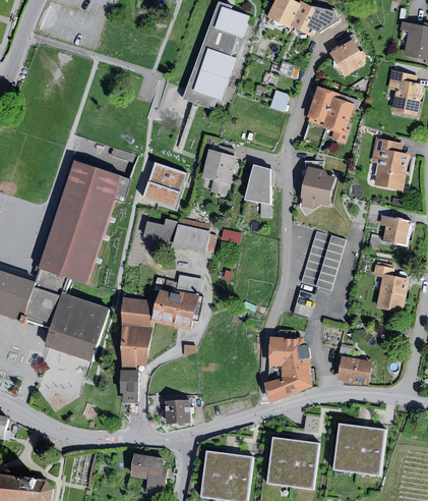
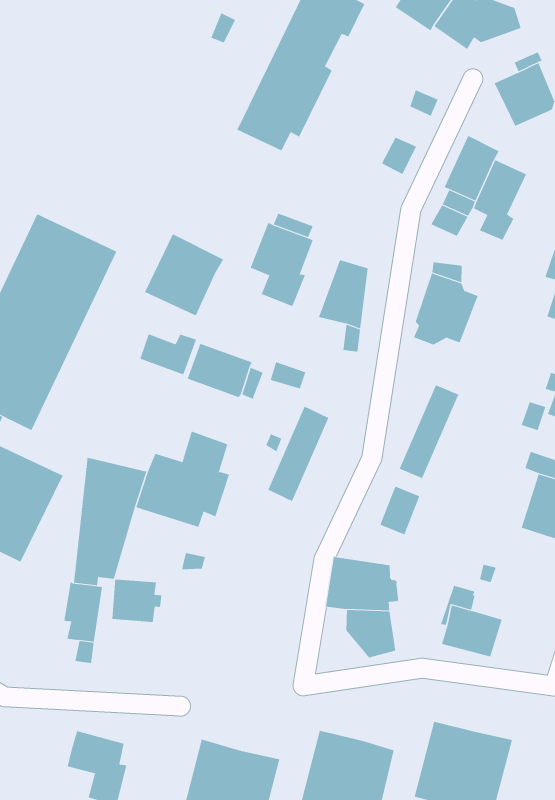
building: [315,234,346,290] -> [267,406,329,502]
building: [264,378,297,403] -> none
building: [165,399,193,424] -> [111,579,162,623]

